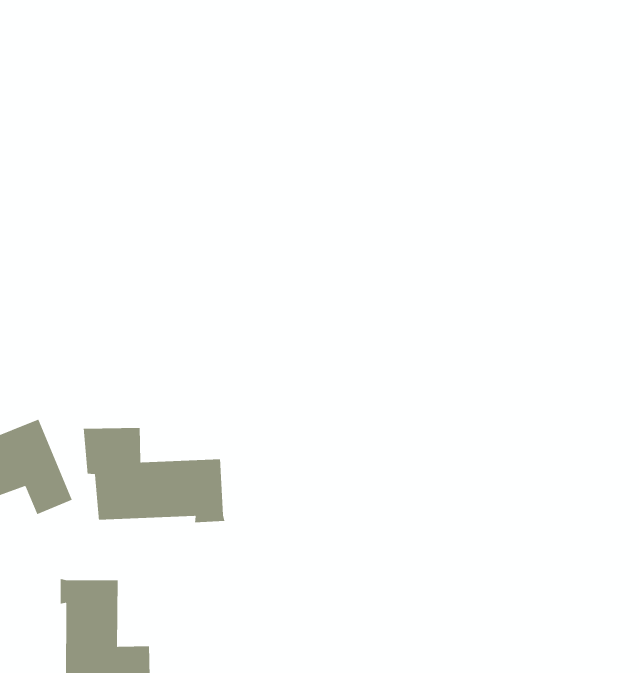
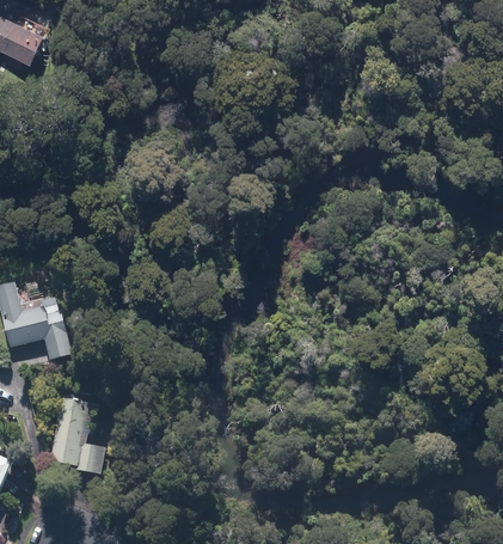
building: [83,427,225,523] -> none

